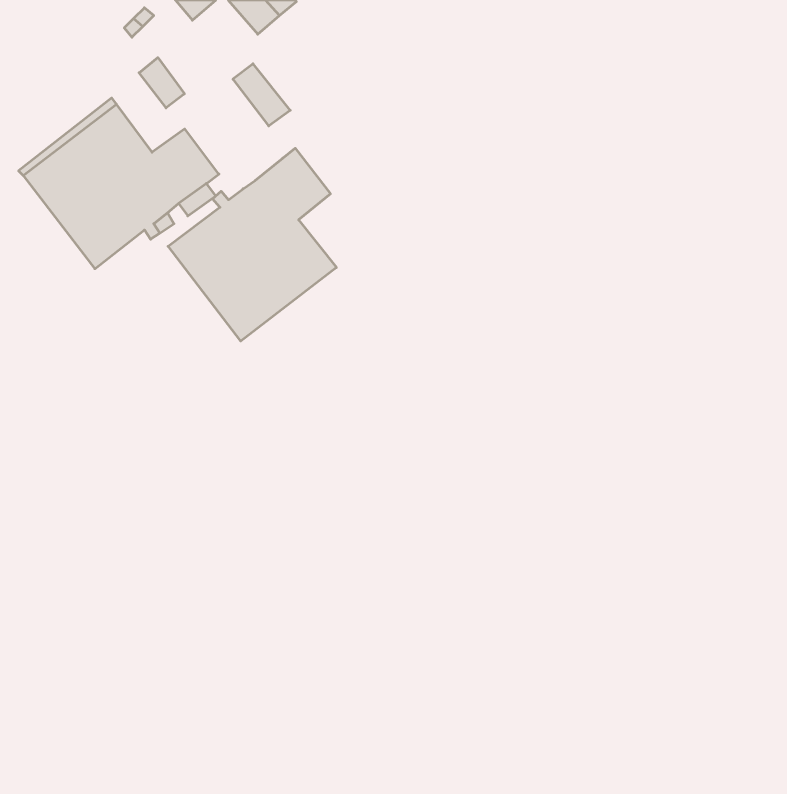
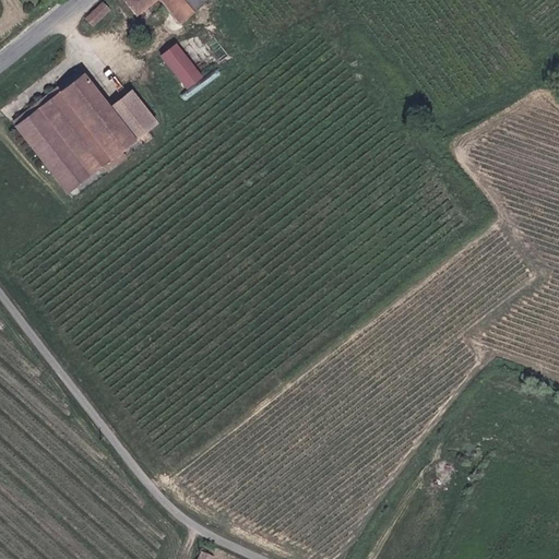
building: [139,58,184,108] -> none
building: [168,148,336,341] -> none

